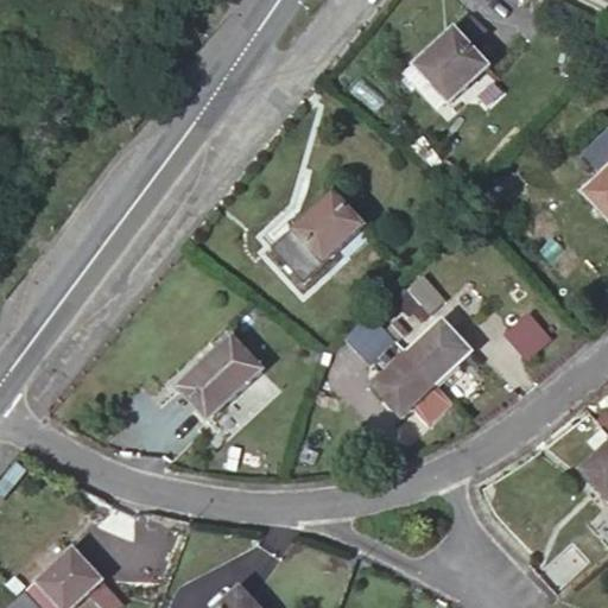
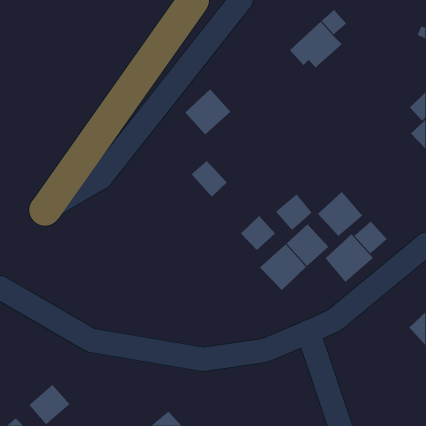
building: [294,194,361,260] -> [184,88,231,135]
building: none -> [317,191,363,237]
building: none -> [325,234,374,283]
building: [178,336,262,418] -> none

